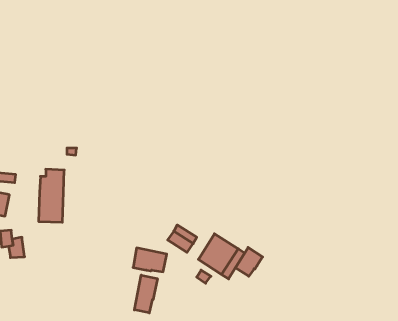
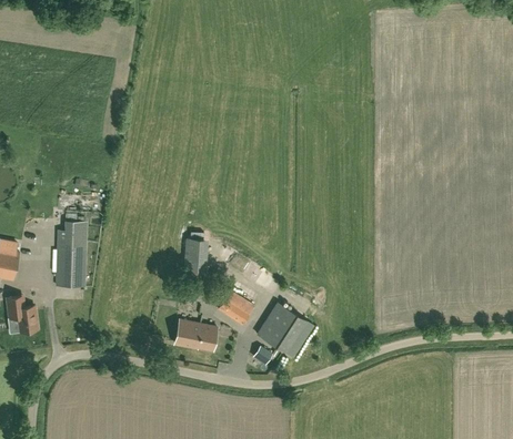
building: none -> [184,239,209,276]
building: [235,247,263,276] -> none
building: [134,275,157,313] -> none

